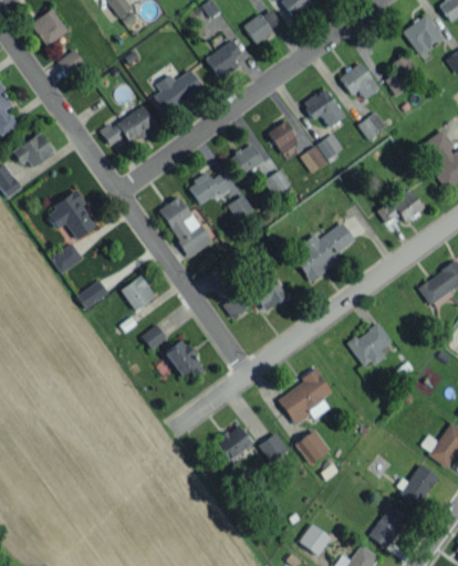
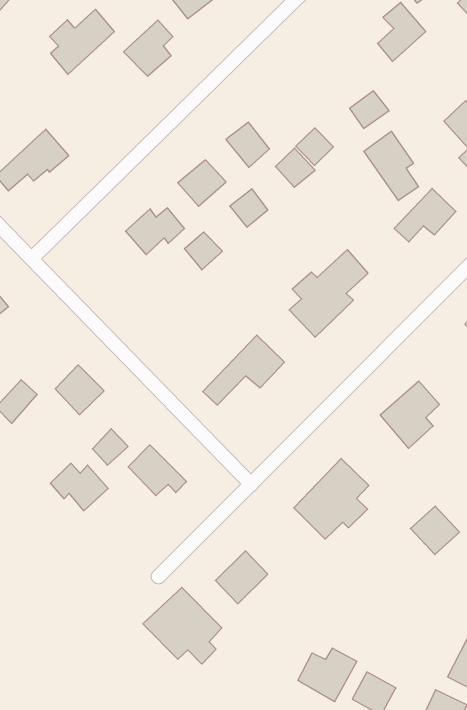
building: [340,62,381,99] -> none
building: [155,70,202,113] -> [50,9,114,74]
building: [303,87,345,127] -> none
building: none -> [364,131,419,201]
building: [158,195,211,258] -> none
building: none -> [50,463,108,511]
building: [295,429,330,463] -> [410,506,459,555]
building: [259,432,288,462] -> none
building: none -> [143,587,222,664]
building: none -> [298,648,357,702]

